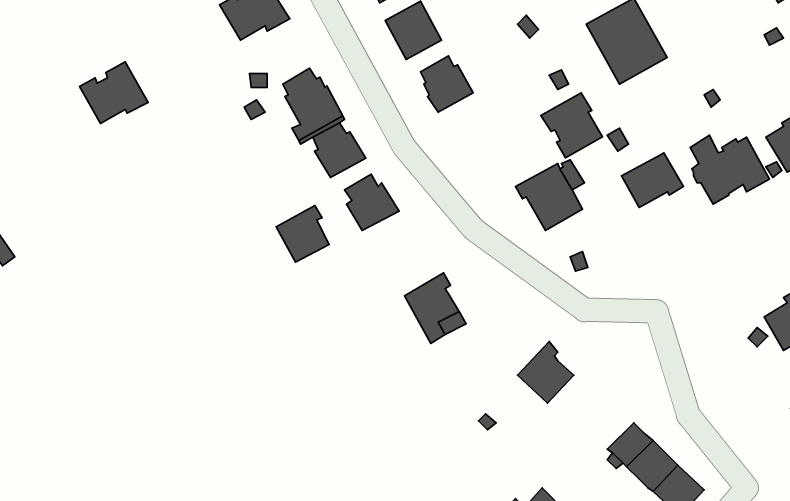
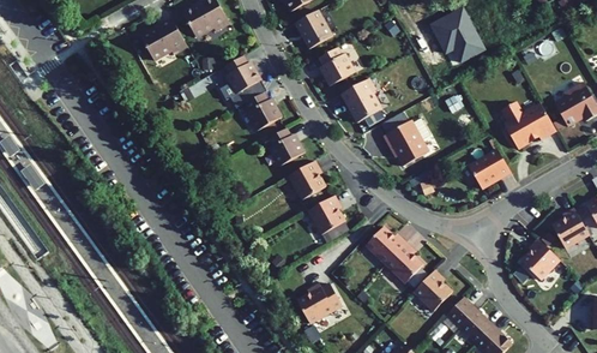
building: [79,62,148,124] -> [140,19,187,61]
building: [541,93,602,158] -> [340,79,382,124]
building: [622,153,683,208] -> [469,150,511,187]
building: [276,206,329,262] -> [289,161,325,199]
building: none -> [366,227,406,265]
building: none -> [521,239,560,280]
building: none -> [414,270,452,311]
building: none -> [297,283,342,324]

